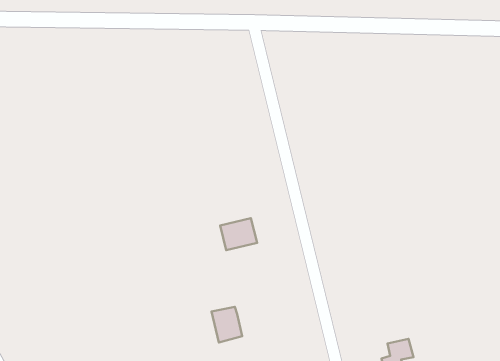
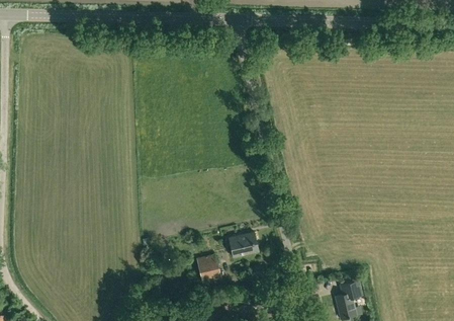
building: [220,218,257,250] -> [229,231,259,257]

